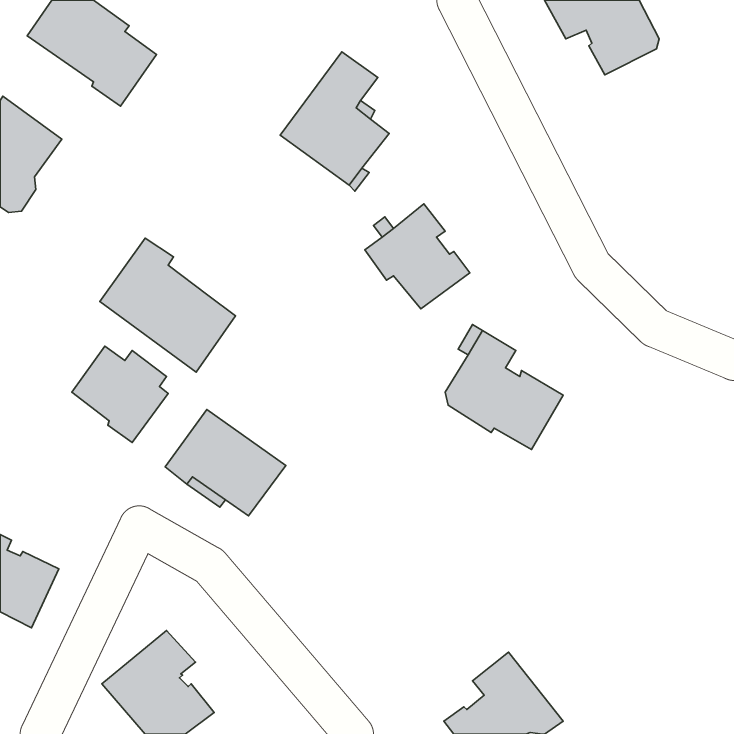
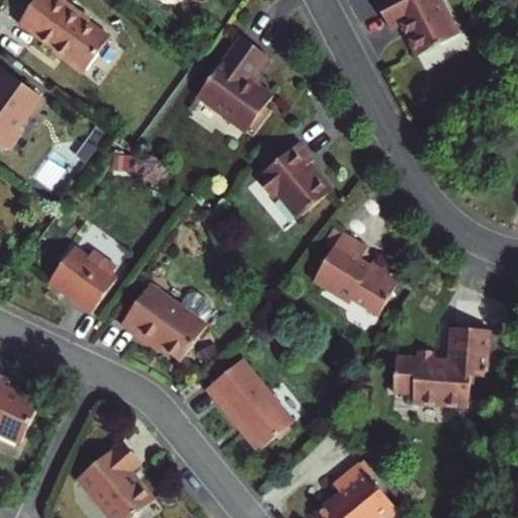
building: [100,238,235,372] -> none
building: none -> [393,326,488,405]
building: none -> [207,354,294,442]

